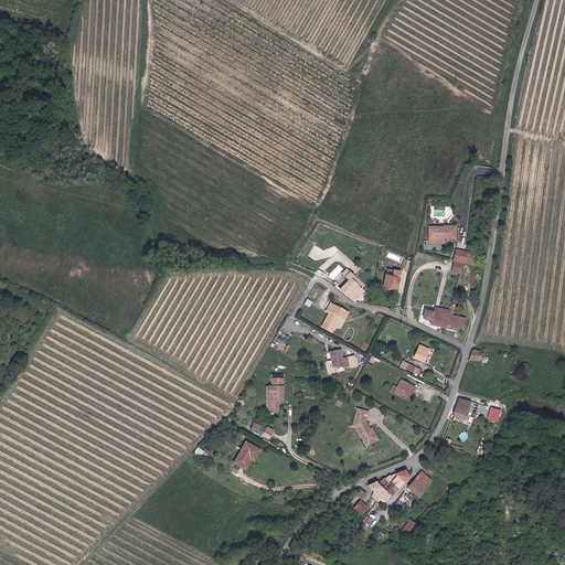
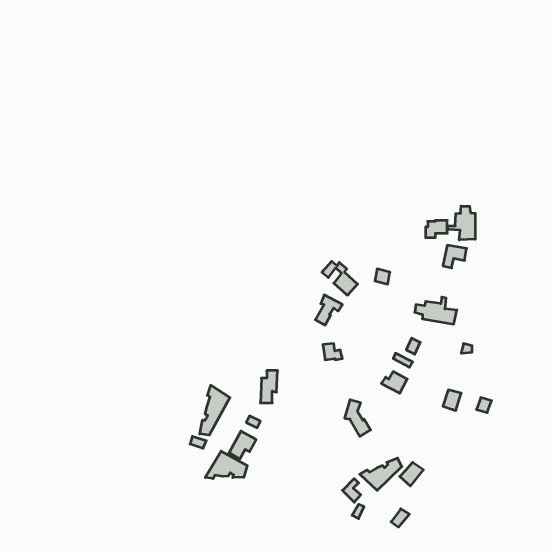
building: none -> [448,206,475,240]
building: none -> [200,385,230,435]
building: none -> [205,451,247,479]

